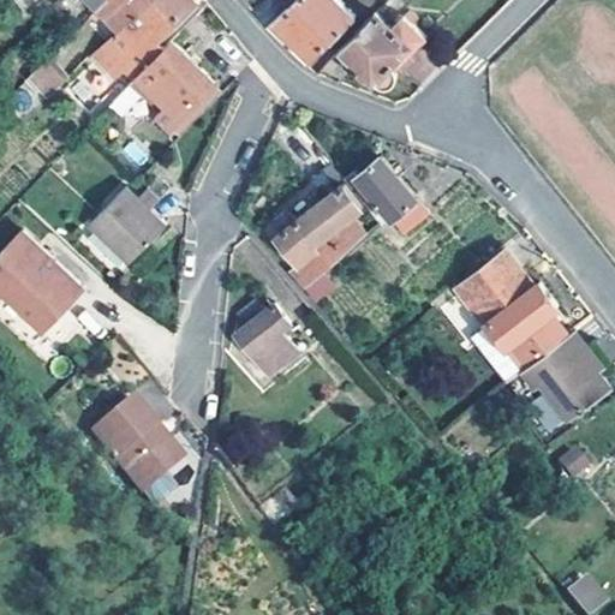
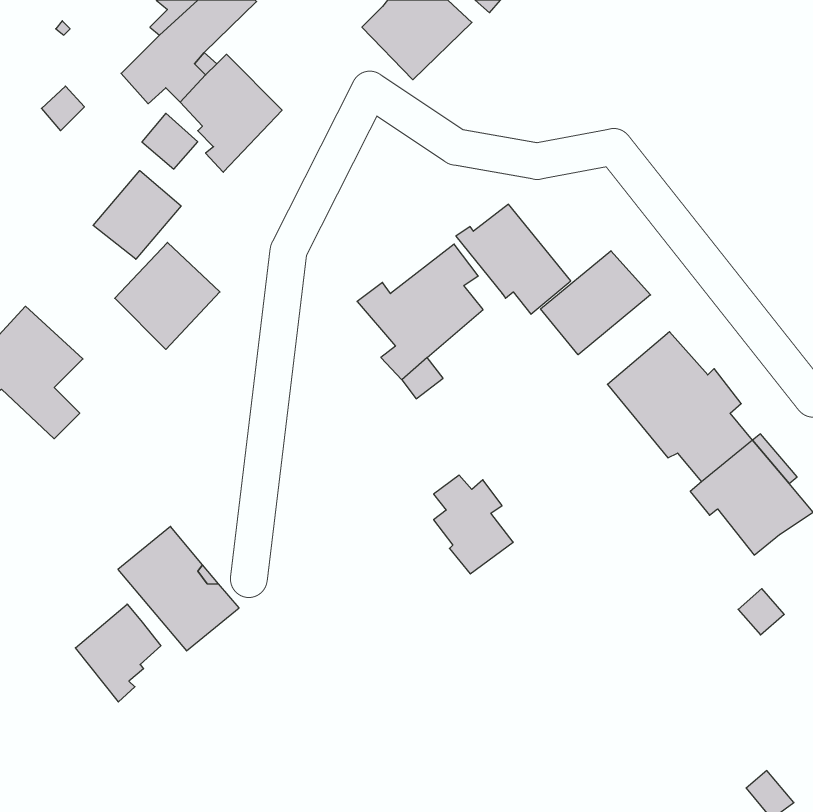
building: [338,14,428,89] -> none
building: none -> [93,171,181,259]
building: none -> [541,251,651,355]
building: [238,301,298,376] -> [434,475,513,574]
building: none -> [75,604,161,702]

